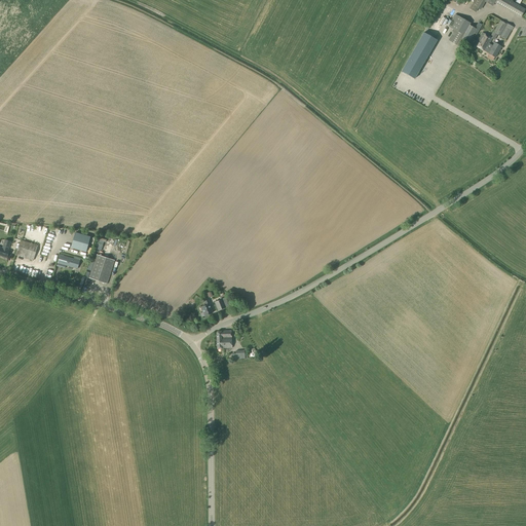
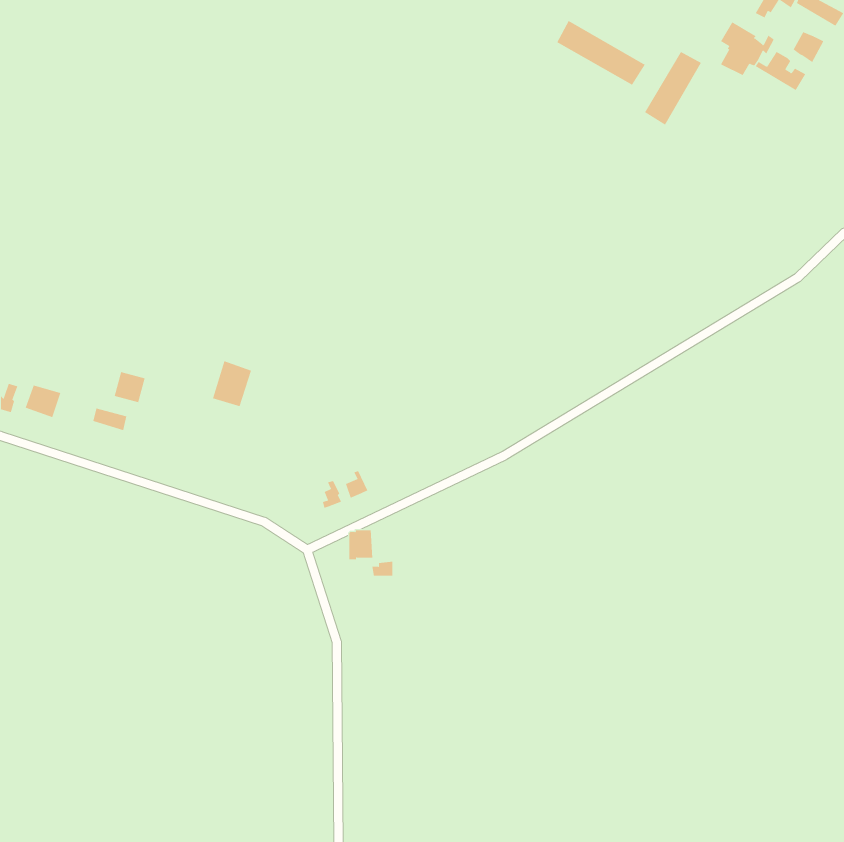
building: none -> [557,20,645,85]
building: [89,254,114,283] -> [212,361,252,407]

